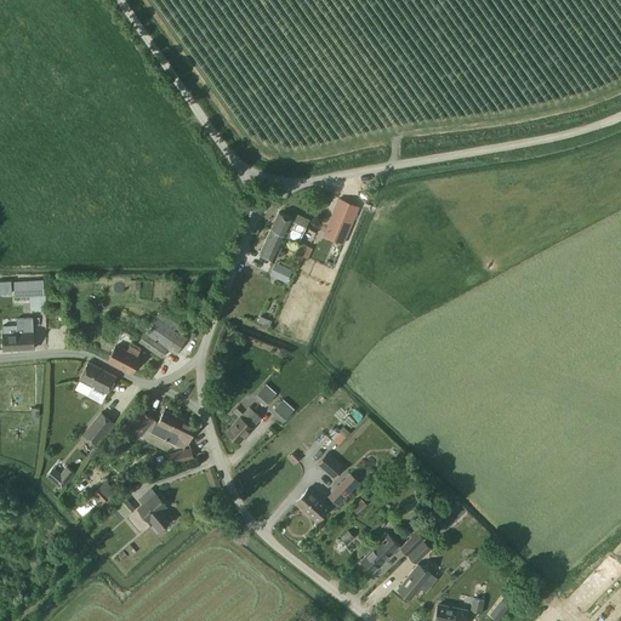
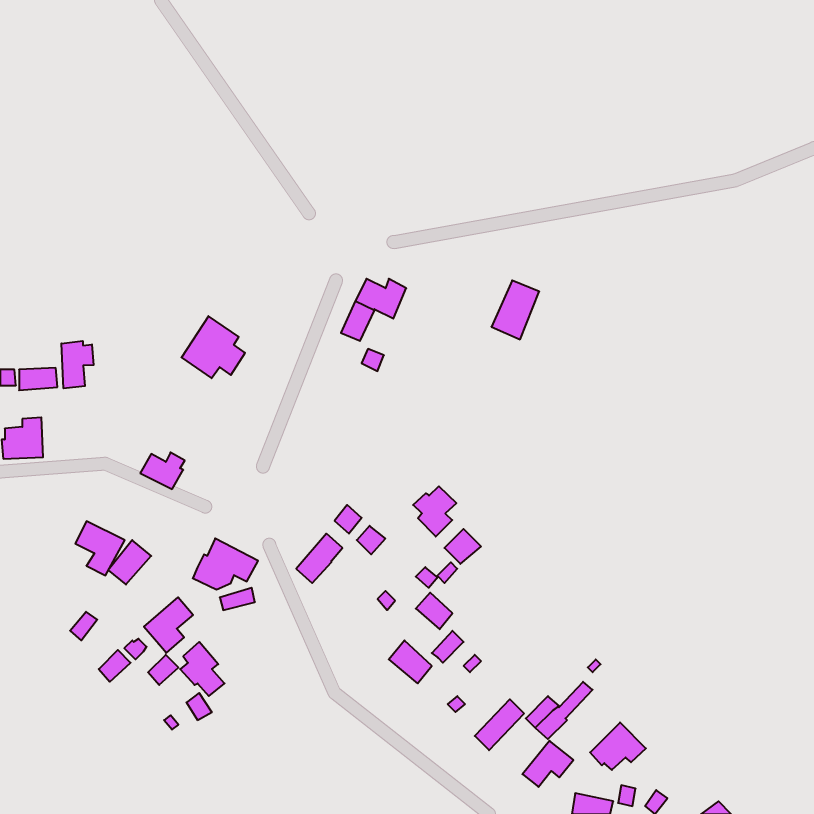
building: [323,199,359,244] -> [491,280,539,339]
building: none -> [61,341,94,388]
building: [138,310,187,358] -> [181,316,245,378]
building: [79,361,116,403] -> [75,521,125,575]
building: none -> [413,486,456,537]
building: none -> [144,597,193,653]
building: none -> [590,722,646,770]

